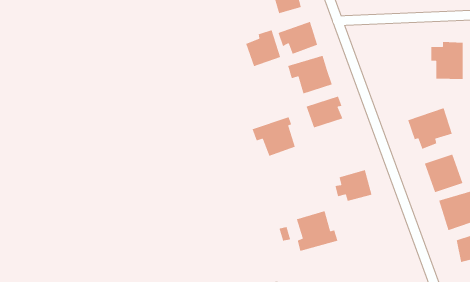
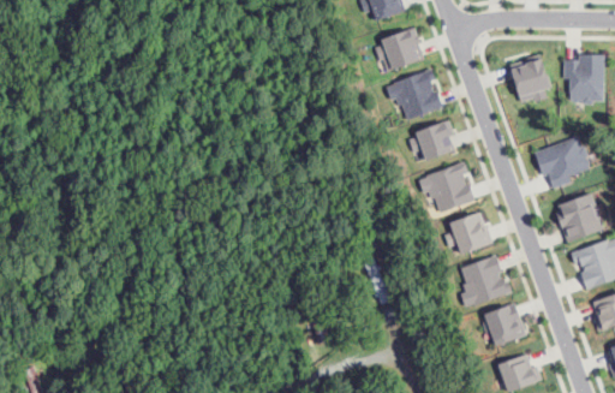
building: [245,29,281,67] -> none
building: none -> [509,54,551,102]
building: [251,116,296,157] -> [418,161,473,212]
building: [296,210,339,252] -> [460,255,513,306]
building: none -> [484,302,527,346]

